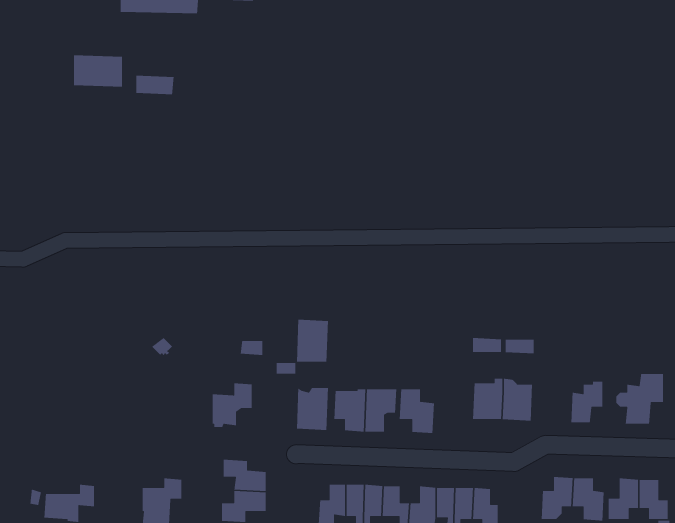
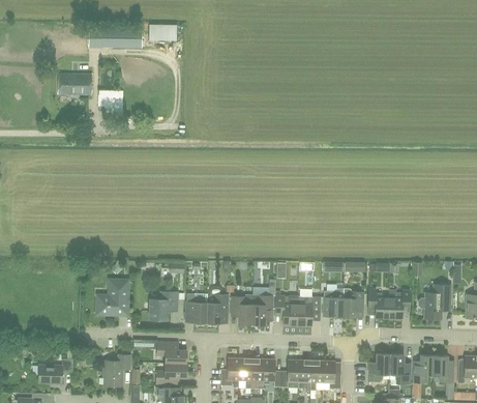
building: [296,319,329,363] -> [185,293,207,322]
building: none -> [97,281,127,314]
building: none -> [368,289,389,318]
building: none -> [297,296,321,325]

